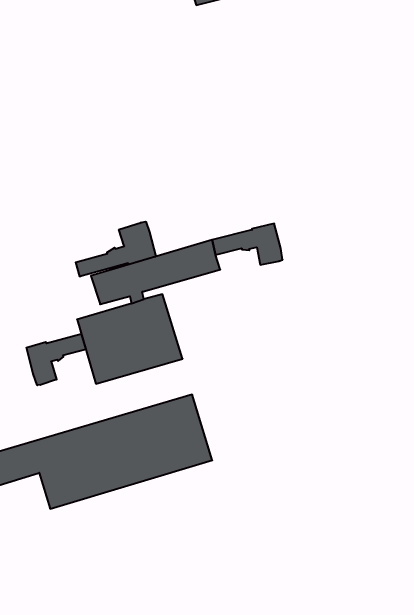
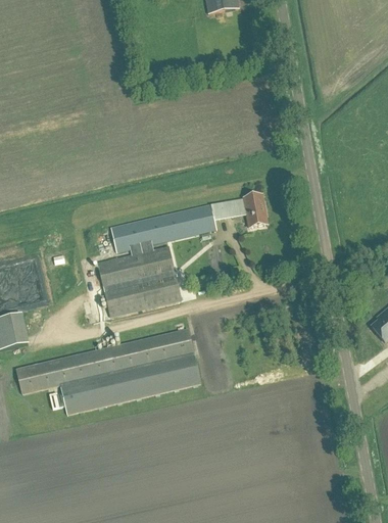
building: [76,222,156,277] -> none
building: [26,334,86,385] -> none

